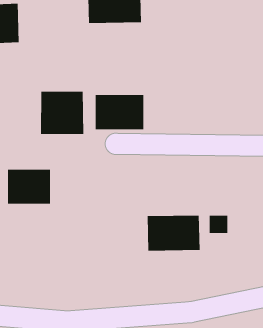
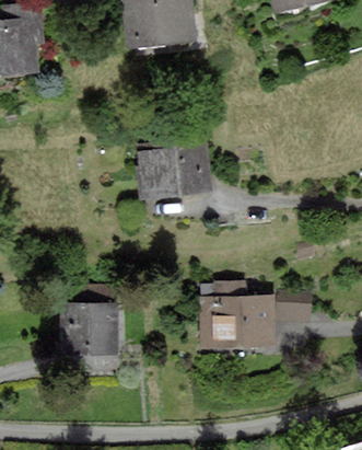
building: [41,91,84,135] -> none
building: [7,169,51,204] -> [63,308,120,354]

